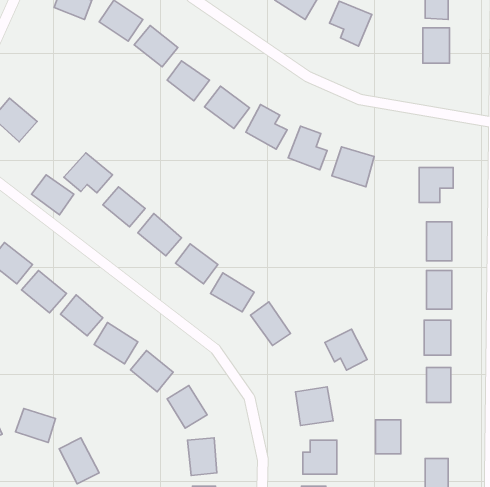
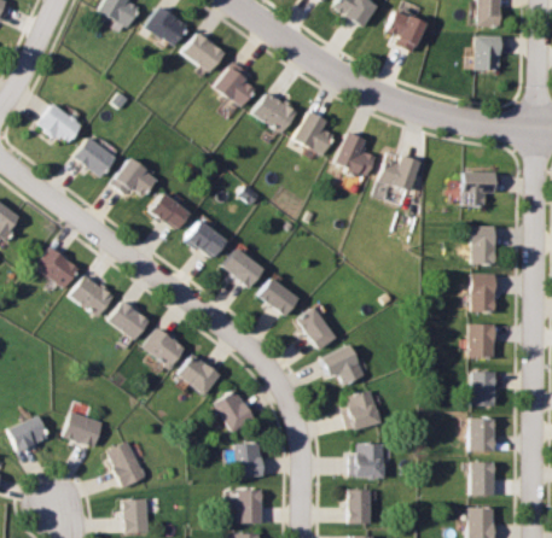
building: [31,175,74,215] -> [75,138,117,177]
building: [325,329,367,370] -> [323,345,365,386]
building: [375,420,401,454] -> [469,417,494,451]

